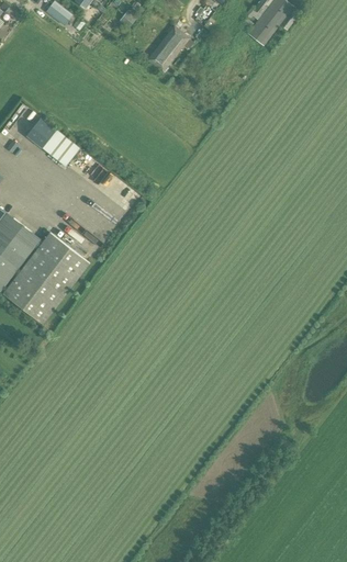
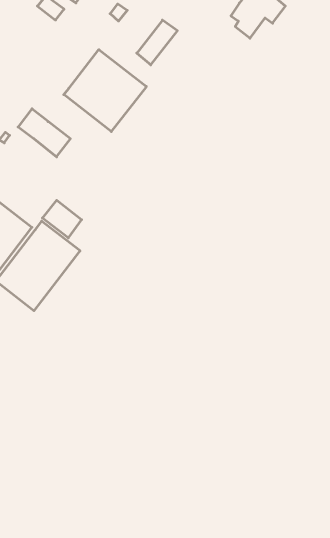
building: none -> [64,50,146,132]
building: none -> [42,200,82,238]

